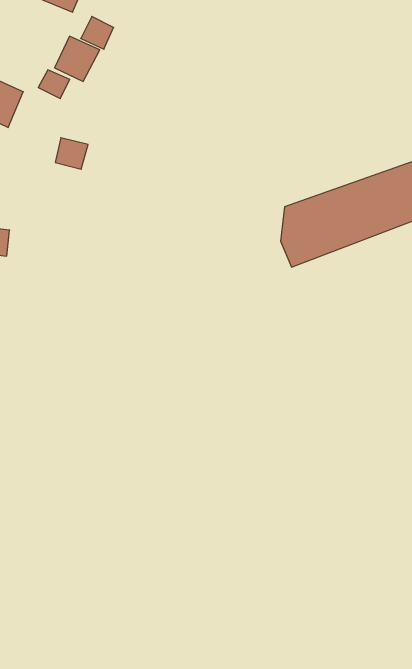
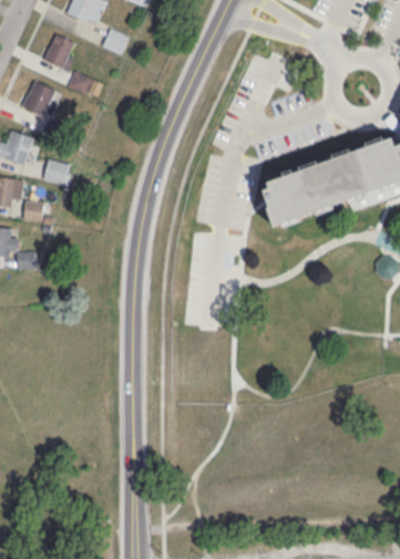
building: [55,36,100,81] -> [43,34,80,71]
building: [55,138,88,169] -> [43,159,70,185]

